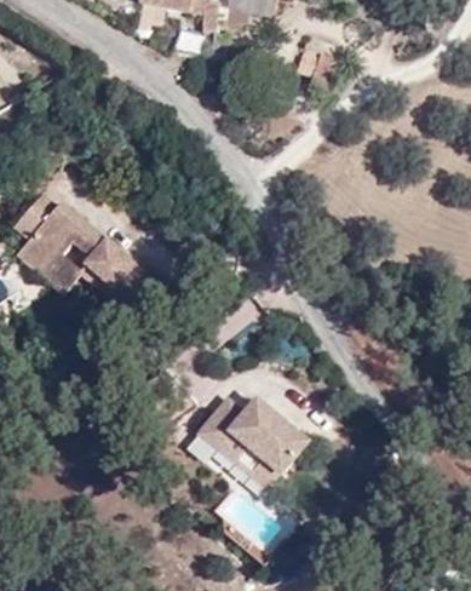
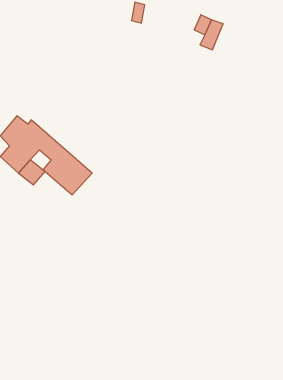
building: [196,408,303,483] -> none

